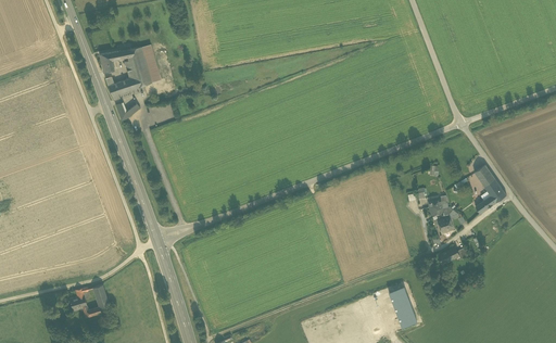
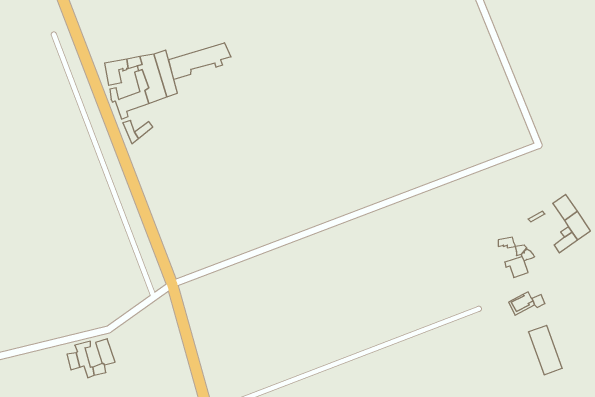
building: none -> [169,43,231,80]
building: [389,287,417,328] -> [528,325,562,375]

